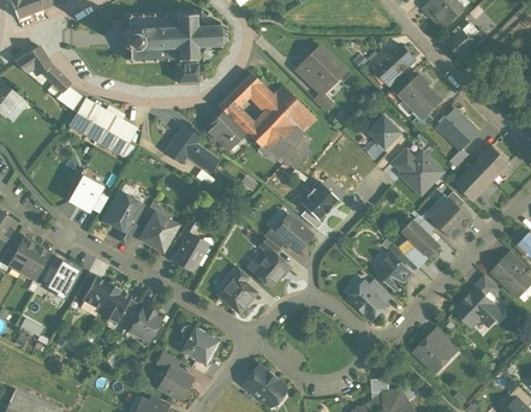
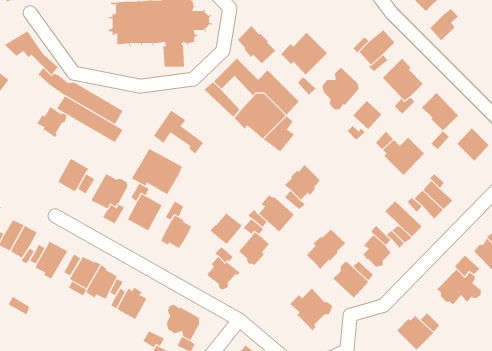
building: none -> [237,25,276,64]
building: none -> [322,67,359,110]
building: [205,112,245,145] -> none
building: none -> [36,106,67,138]
building: [454,161,493,201] -> none
building: none -> [131,148,183,195]
building: none -> [210,213,242,245]
building: none -> [306,229,346,270]
building: none -> [289,288,333,331]

